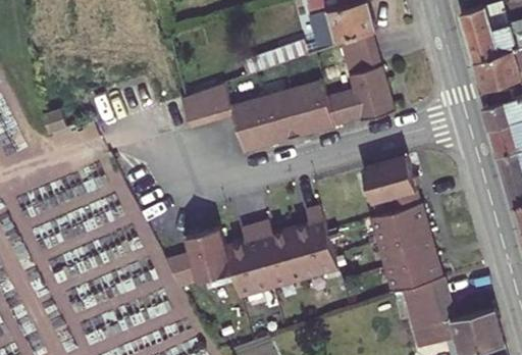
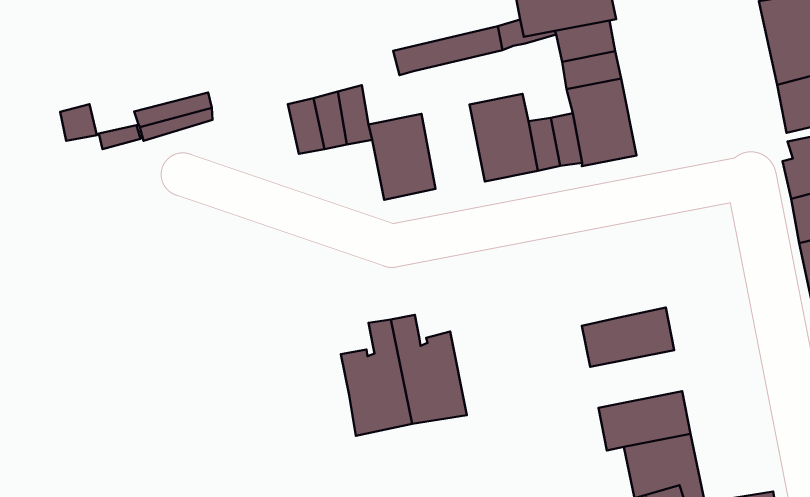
building: [263,90,305,143] -> none
building: [364,156,421,212] -> none
building: [292,205,338,278] -> none
building: [165,227,233,287] -> none
building: [378,229,435,267] -> none

